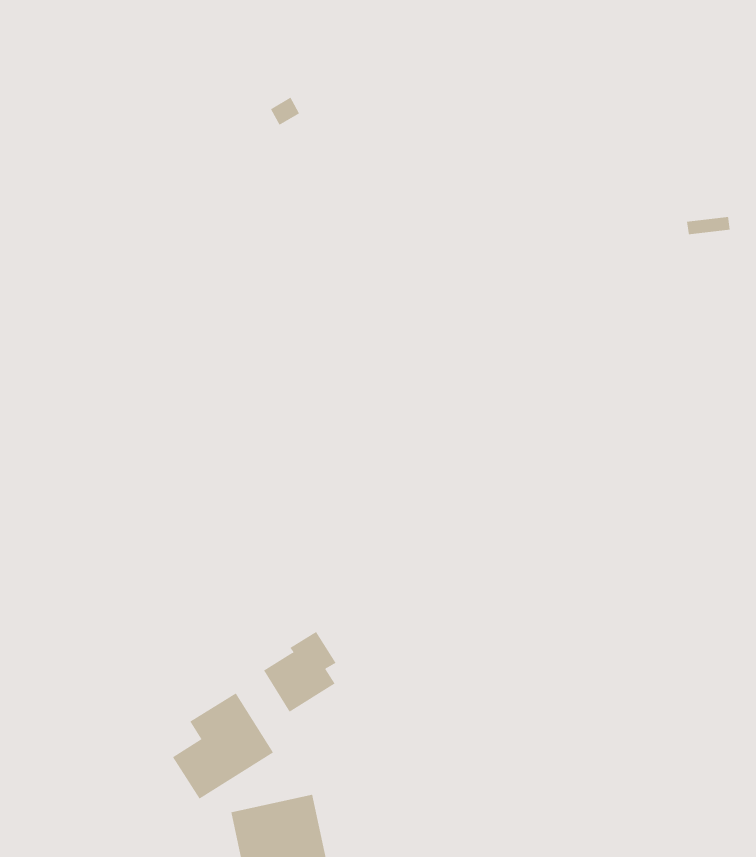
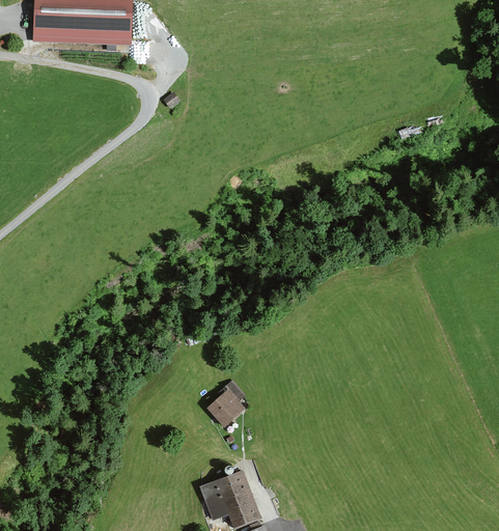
building: [172,692,274,800] -> none

